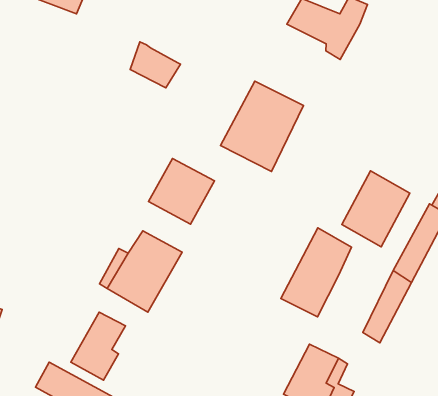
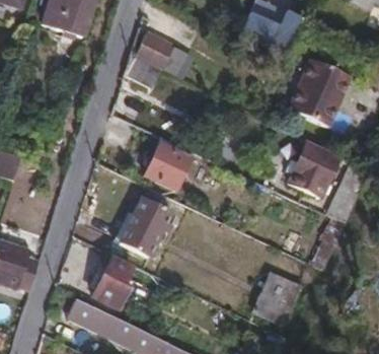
building: none -> [136,31,175,70]
building: [220,81,304,171] -> [288,60,349,127]
building: [281,228,352,317] -> none

